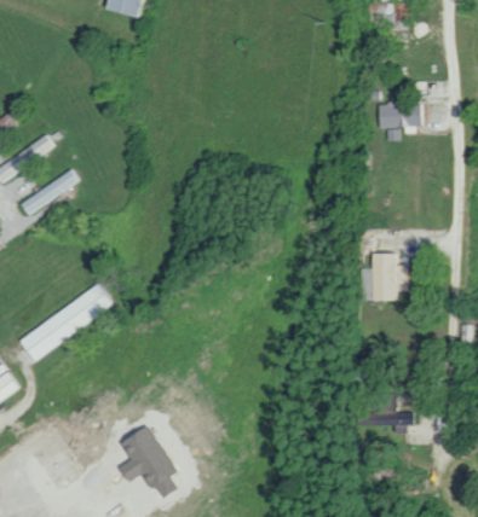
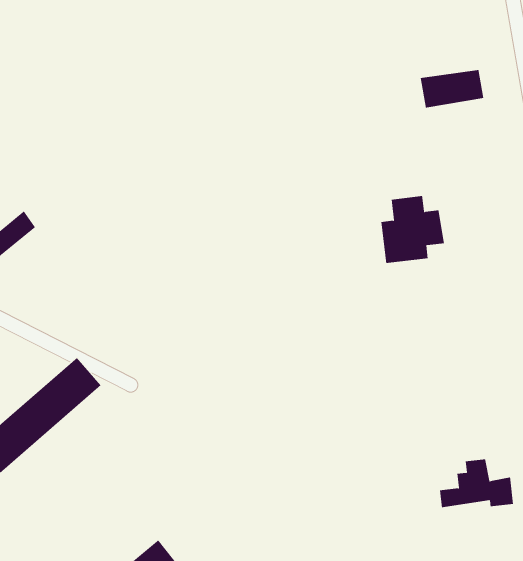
building: [364,252,410,300] -> [380,196,445,263]

